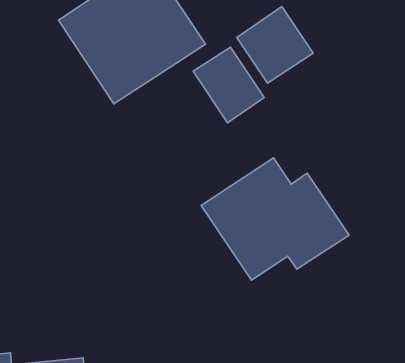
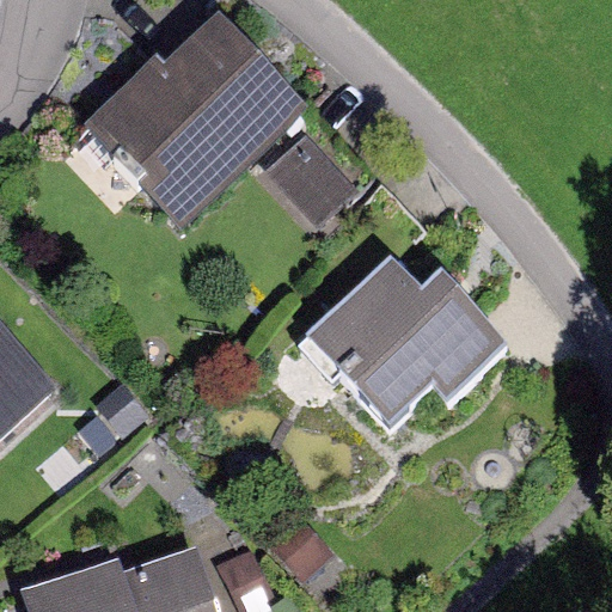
building: [237,7,313,83] -> none

